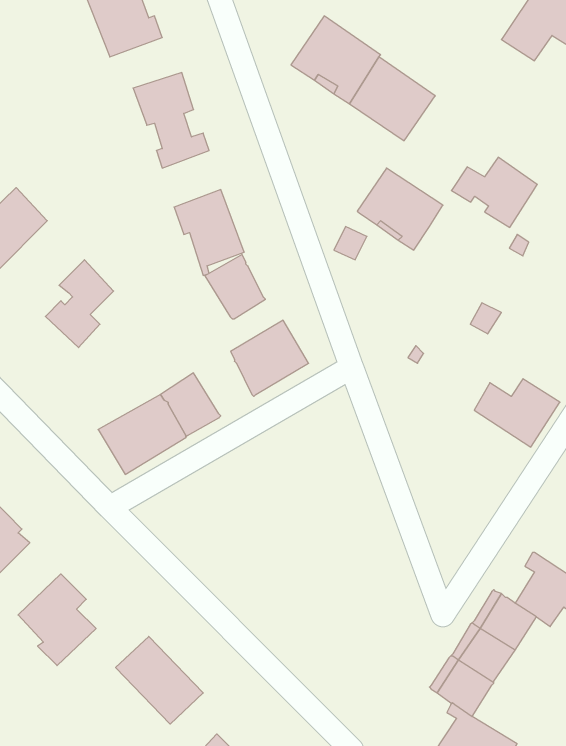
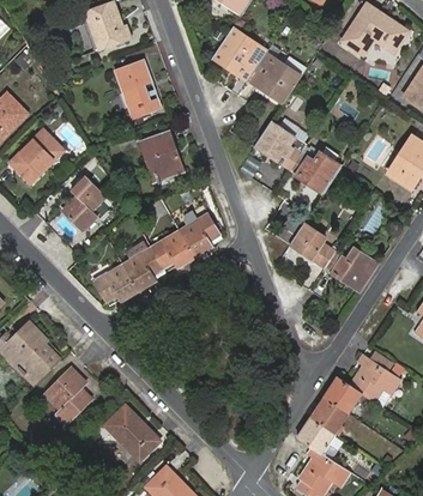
building: [451,157,537,227] -> [288,149,340,192]
building: [205,254,265,319] -> [152,231,189,271]
building: none -> [289,223,334,267]

